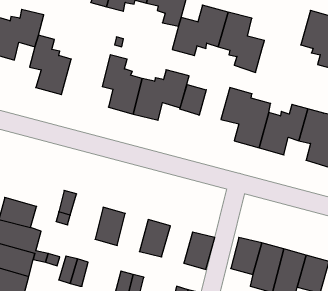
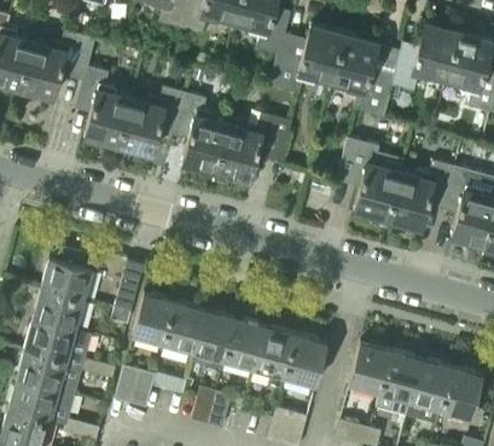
building: none -> [391,24,458,92]
building: none -> [118,87,185,156]
building: [180,85,206,115] -> none
building: none -> [41,245,95,300]
building: none -> [133,292,175,344]
building: none -> [192,309,237,370]
building: none -> [255,326,297,390]

